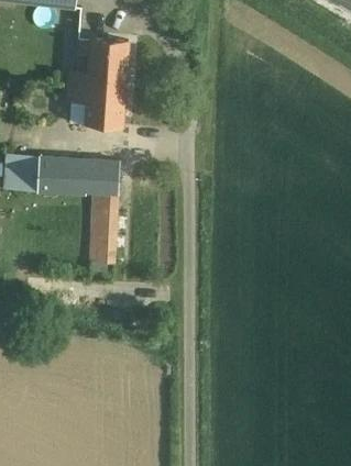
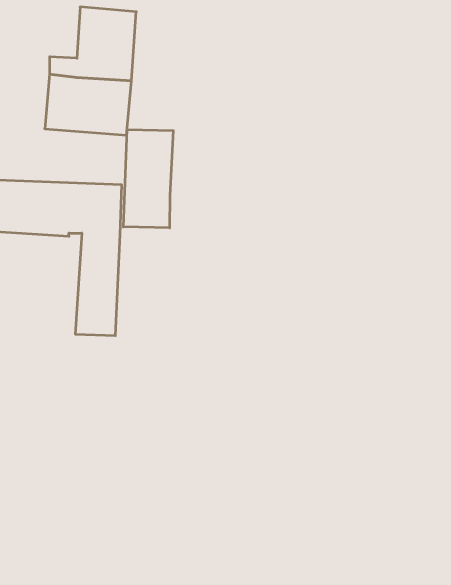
building: none -> [123,129,173,228]

